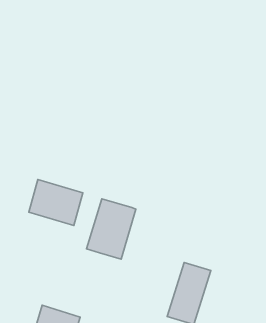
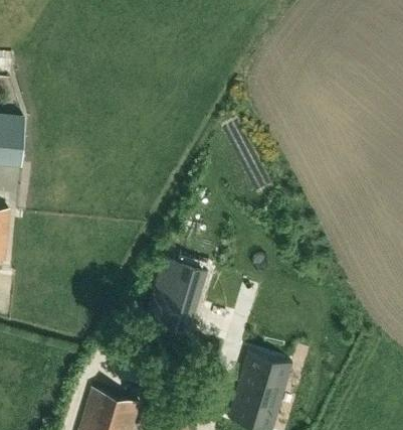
building: [29,179,83,226] -> none

